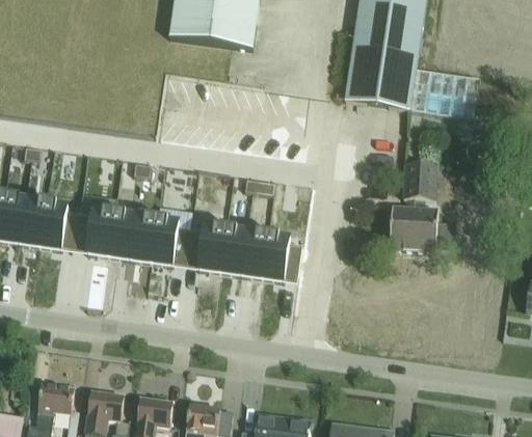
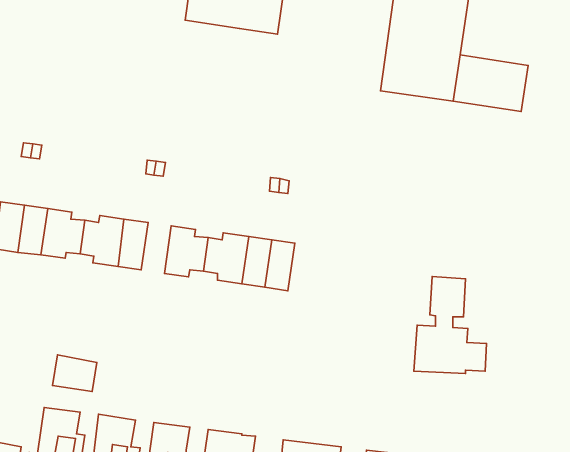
building: [390,162,455,249] -> [414,277,486,374]
building: [130,217,157,263] -> none
building: [262,236,302,281] -> none
building: none -> [53,355,97,392]

